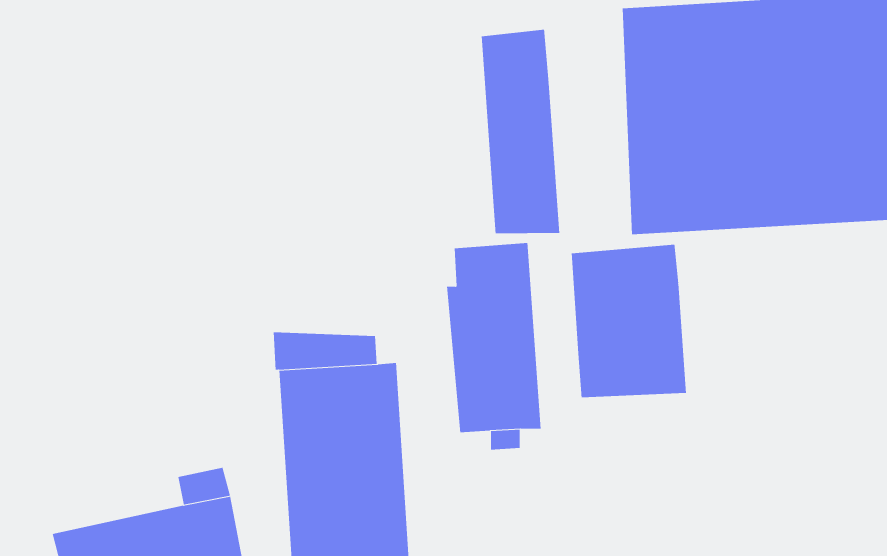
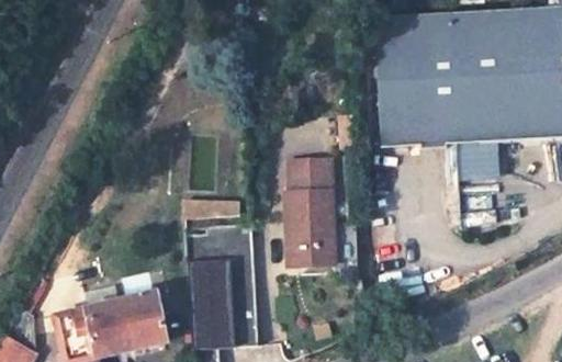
building: [481,29,560,234] -> none
building: [571,244,687,398] -> none

